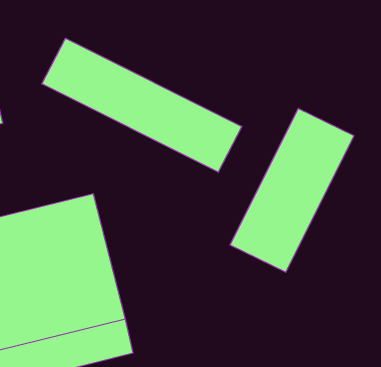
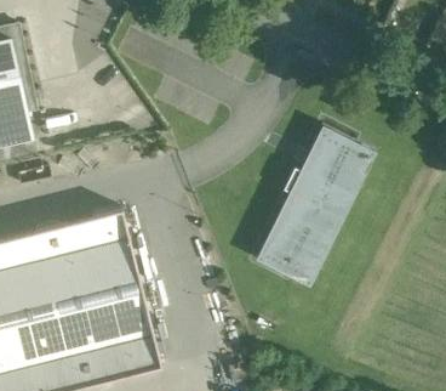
building: [42,38,242,172] -> none

